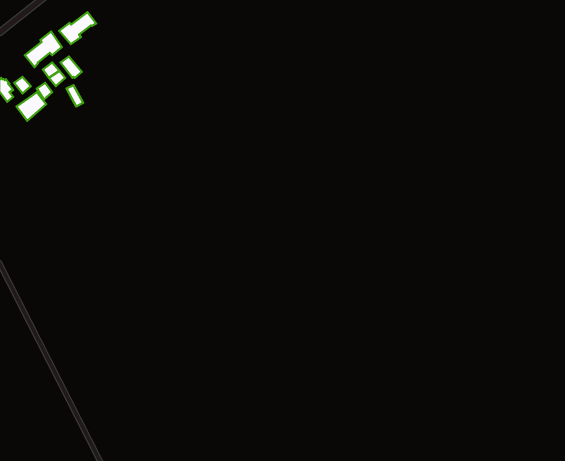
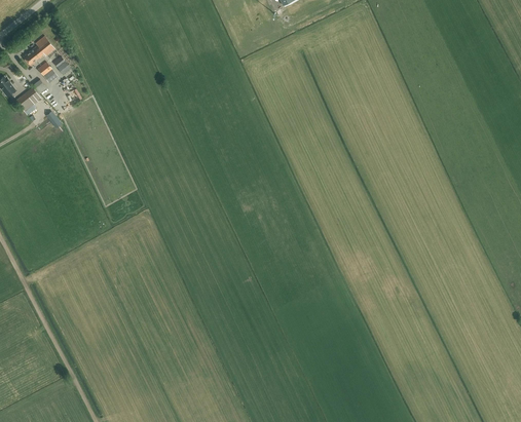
building: [59,12,96,44] -> none

